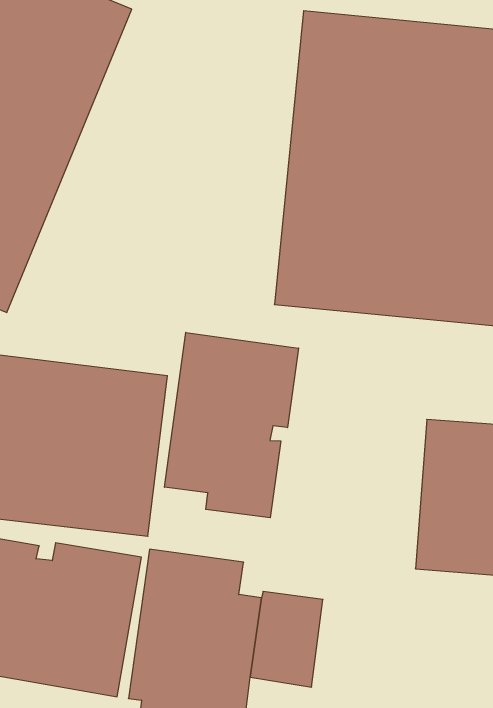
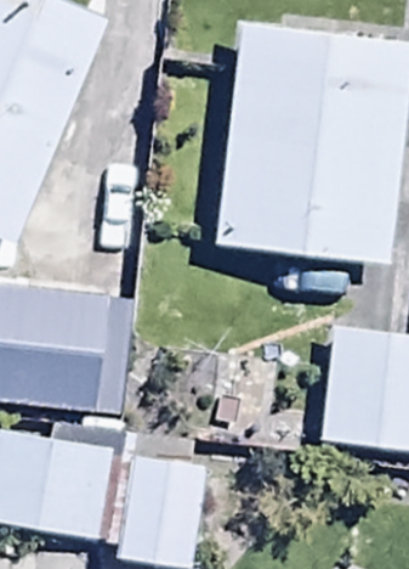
building: [165,332,299,518] -> none

